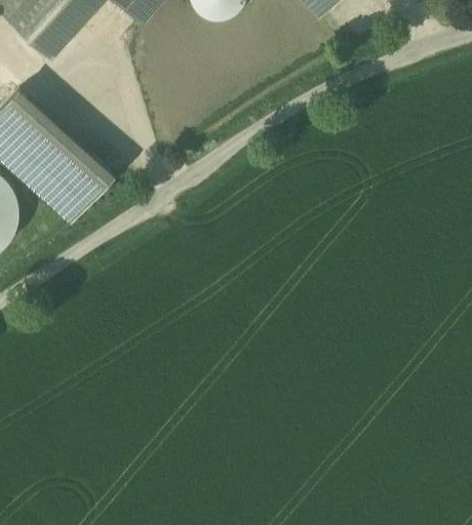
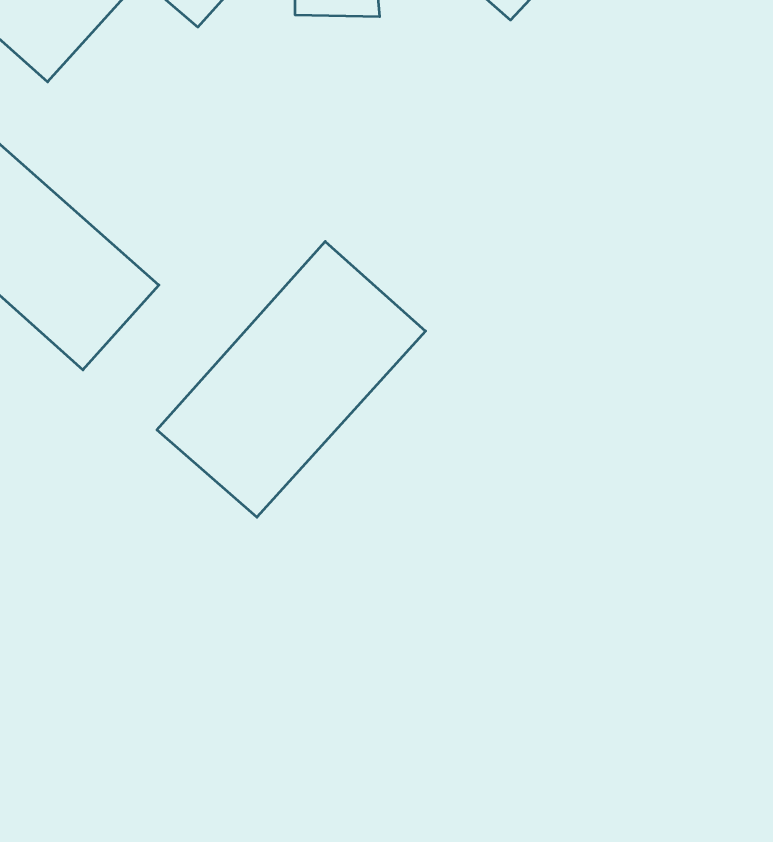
building: none -> [157,241,426,517]

